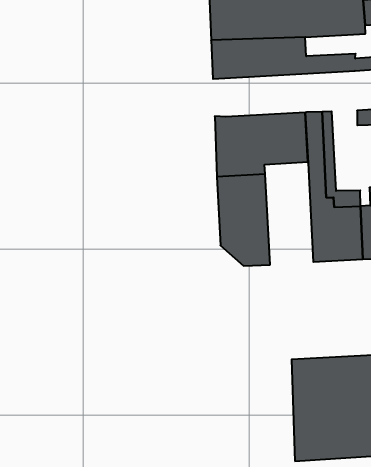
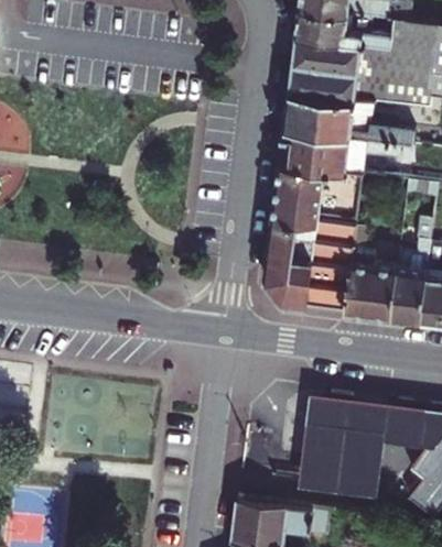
building: none -> [282,131,414,176]
building: none -> [306,217,357,313]

